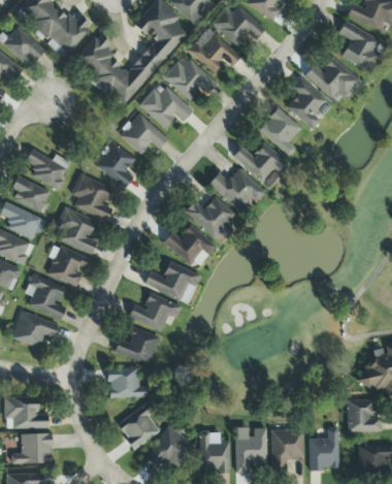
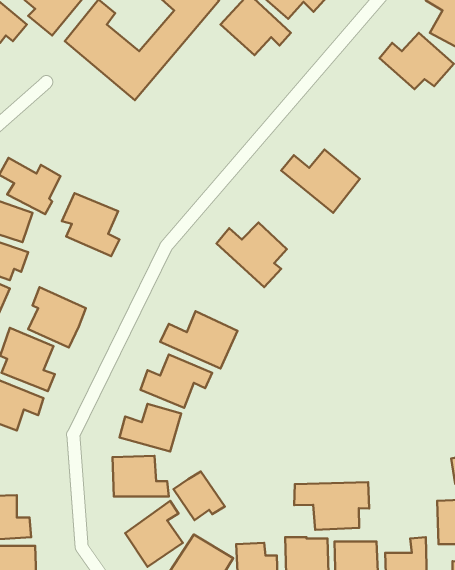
building: [163,59,218,99] -> none
building: [286,75,332,129] -> none
building: [139,86,193,127] -> none
building: [258,106,301,156] -> none
building: [119,111,168,153] -> none
building: [95,140,136,188] -> none
building: [208,167,264,214] -> none
building: [56,205,97,254] -> none
building: [163,223,217,269] -> none
building: none -> [174,471,225,520]
building: none -> [294,482,369,530]

